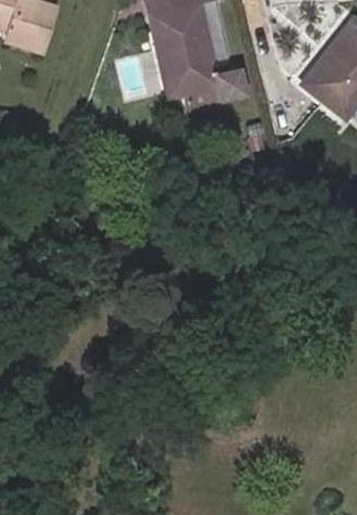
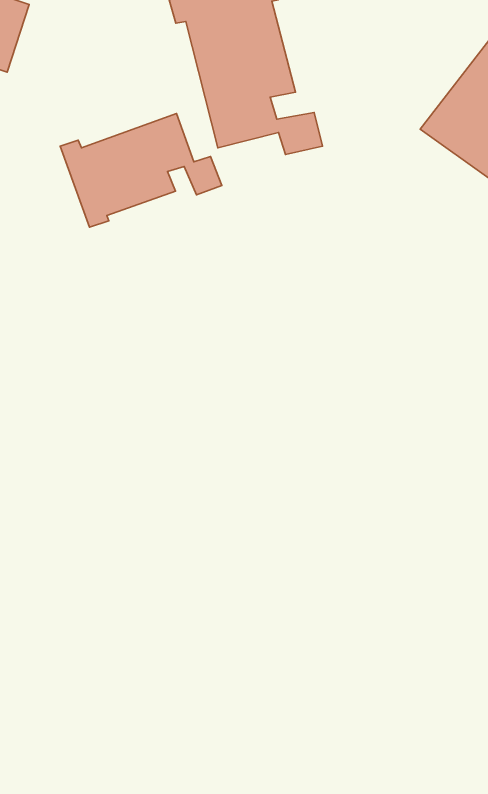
building: none -> [60,114,222,227]

